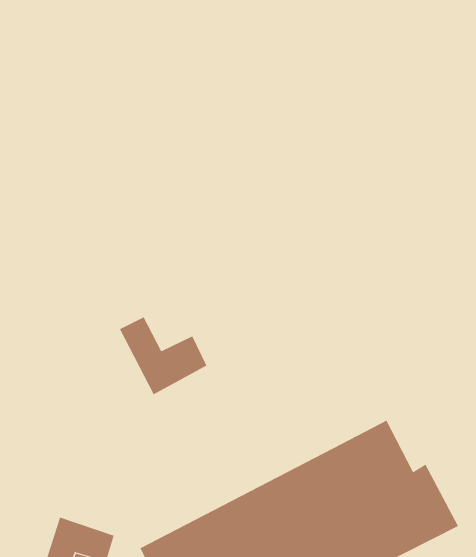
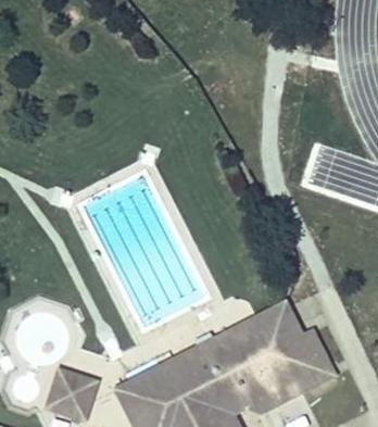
building: [119,316,207,395] -> none

